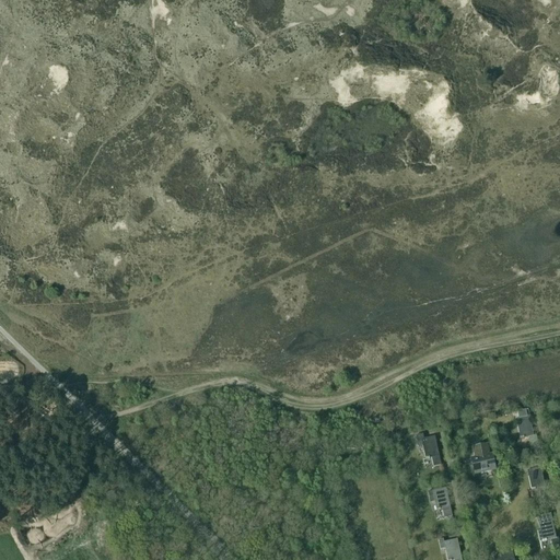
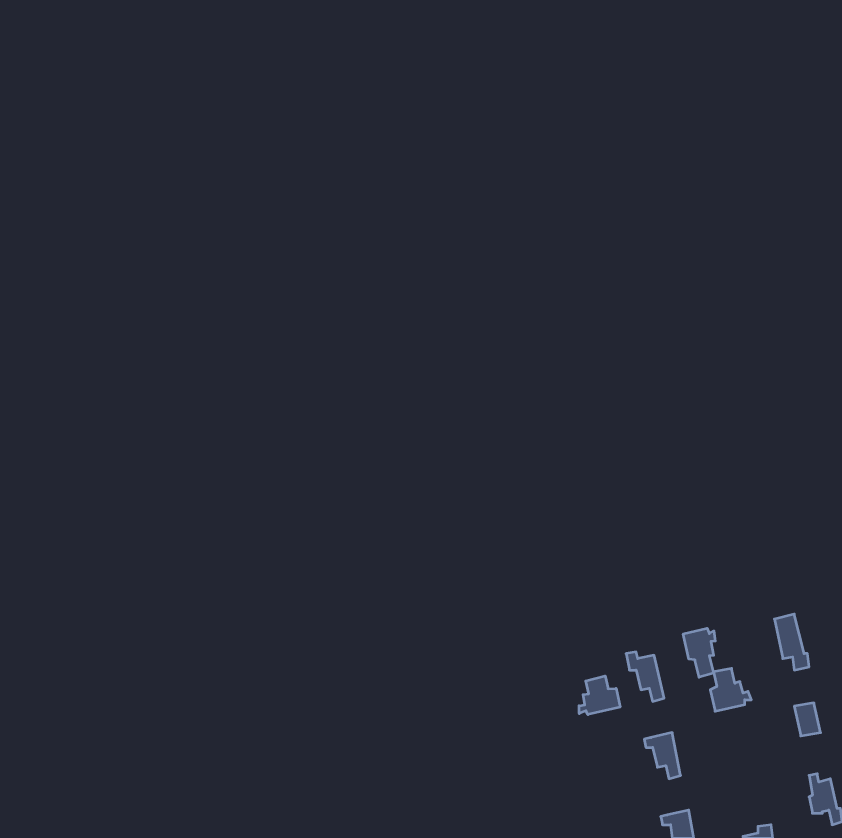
building: none -> [683,628,715,677]
building: none -> [579,676,620,715]

